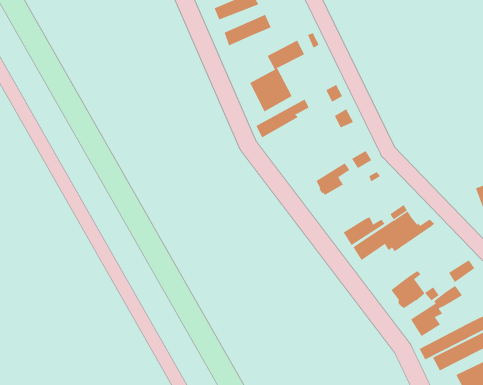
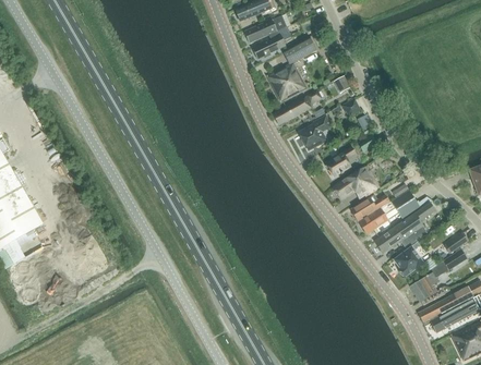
building: none -> [252,27,291,59]
building: none -> [299,117,329,150]
building: none -> [333,167,380,202]
building: none -> [374,204,434,254]

